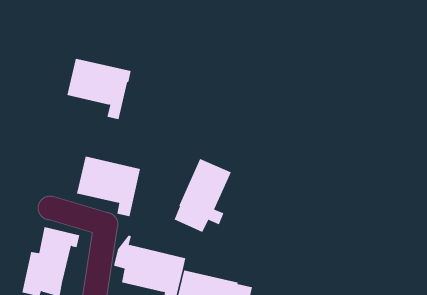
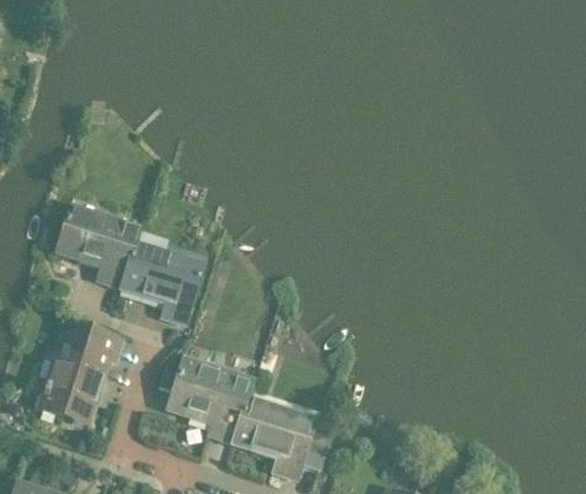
building: [67,58,132,120] -> [56,204,141,286]
building: [174,158,232,233] -> none

